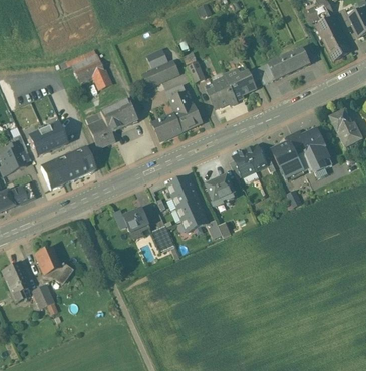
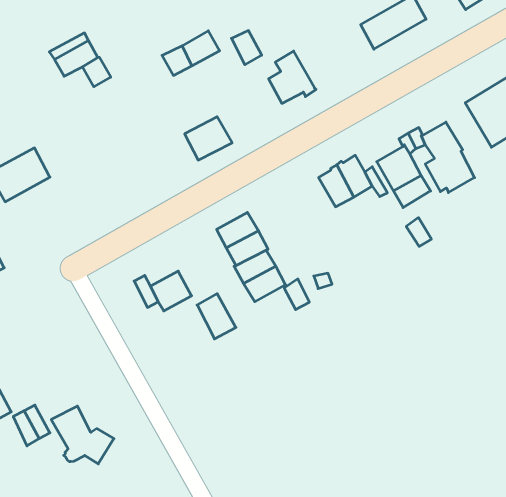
building: [225,68,255,100] -> none
building: [166,85,201,130] -> none
building: [88,98,137,147] -> none
building: [41,148,93,189] -> none
building: [206,175,234,202] -> none
building: [35,247,73,284] -> [51,406,114,464]

